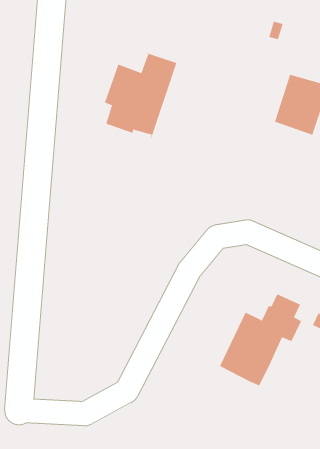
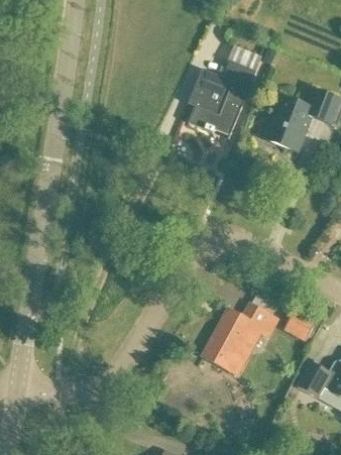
building: [104,52,177,140] -> [189,60,256,139]

